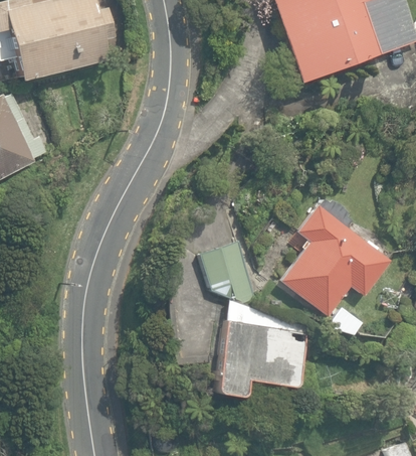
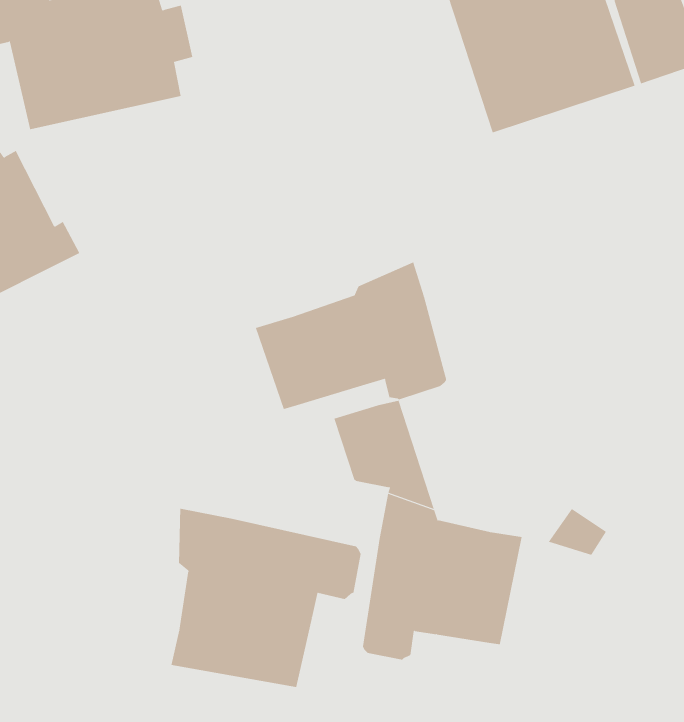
building: none -> [255,261,447,410]
building: [280,195,392,314] -> none
building: none -> [171,508,361,688]

